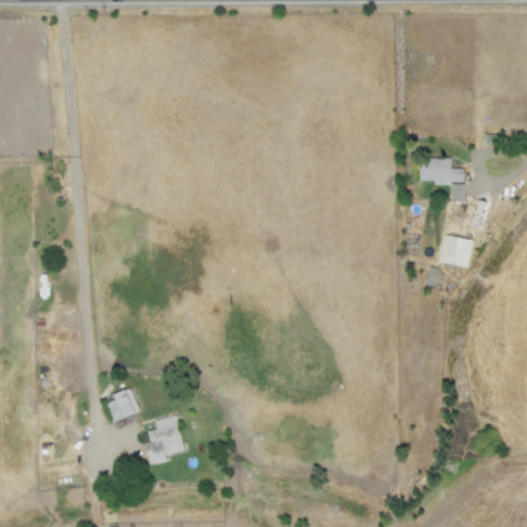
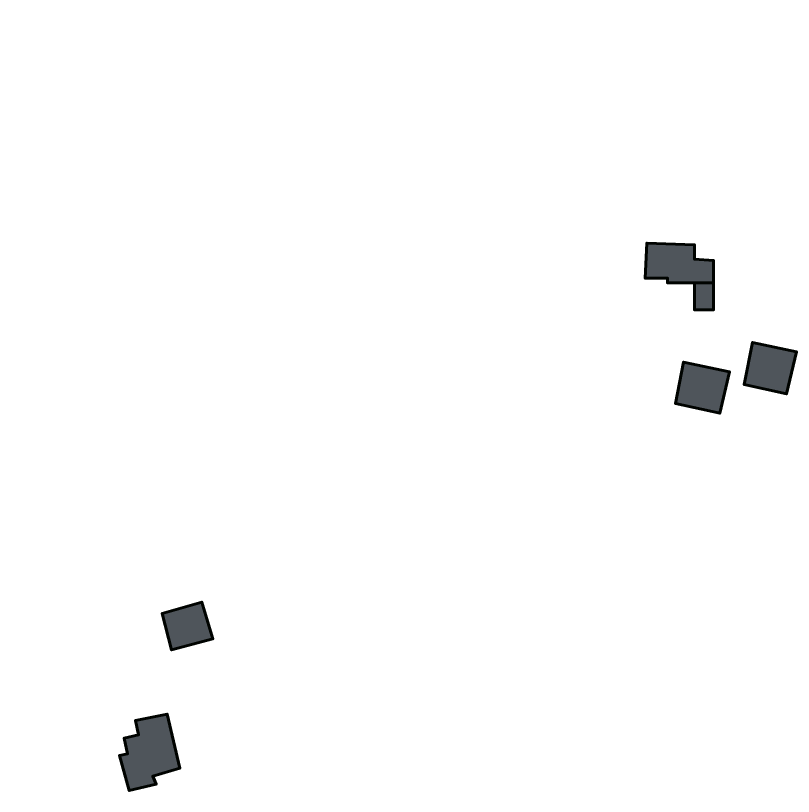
building: none -> [744,343,796,394]
building: [145,416,184,465] -> [120,714,180,790]

